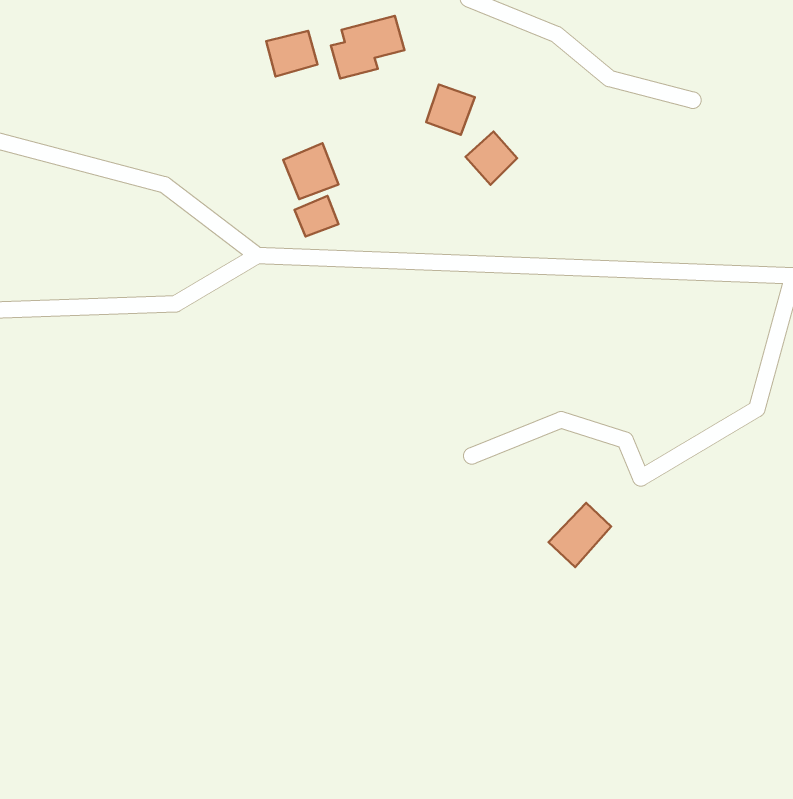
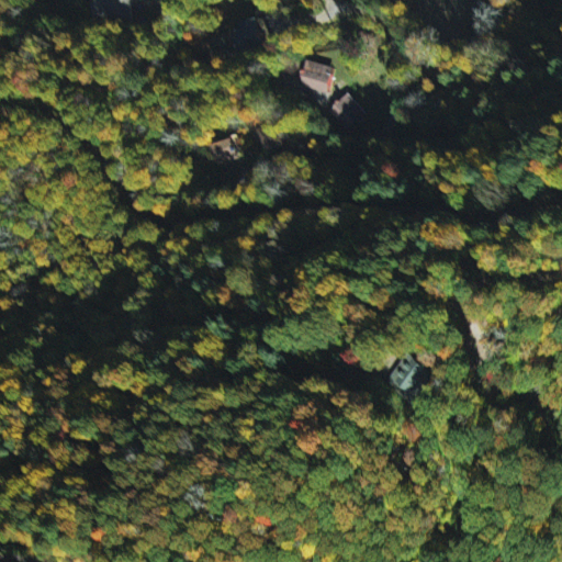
building: [266,31,318,76] -> none
building: [283,143,339,199] -> none

